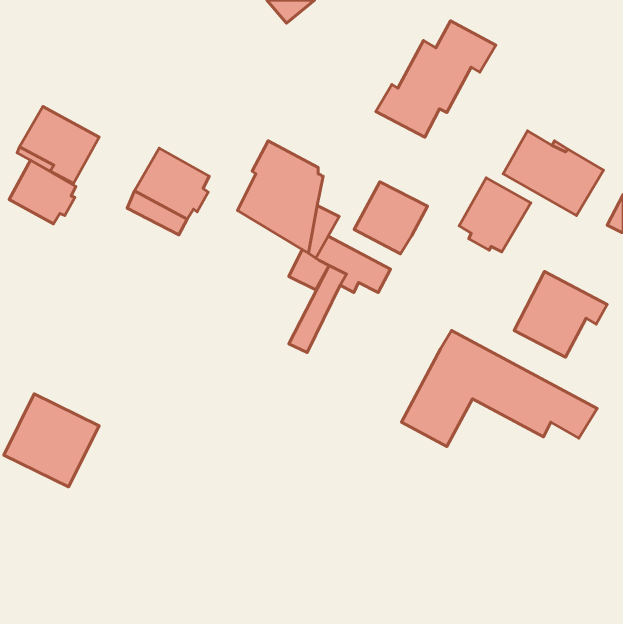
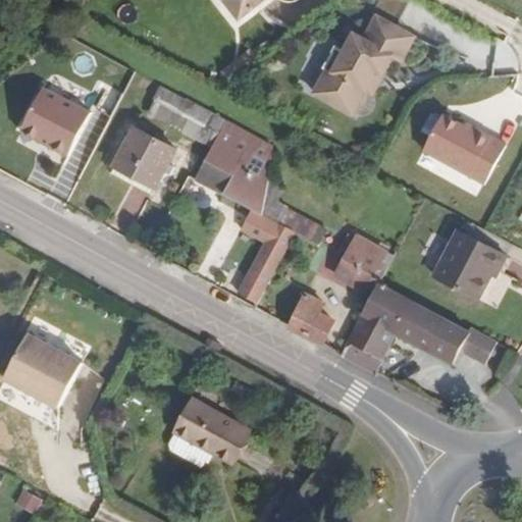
building: none -> [149,87,223,144]
building: [9,160,76,224] -> none
building: [459,178,531,252] -> none
building: [354,182,428,254] -> [328,231,389,292]
building: none -> [281,292,325,342]
building: none -> [178,402,255,465]

